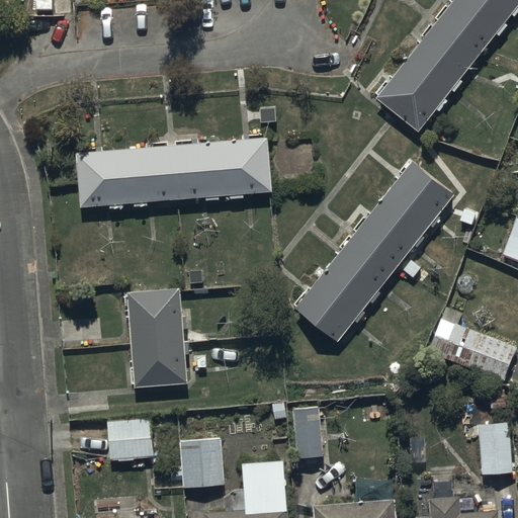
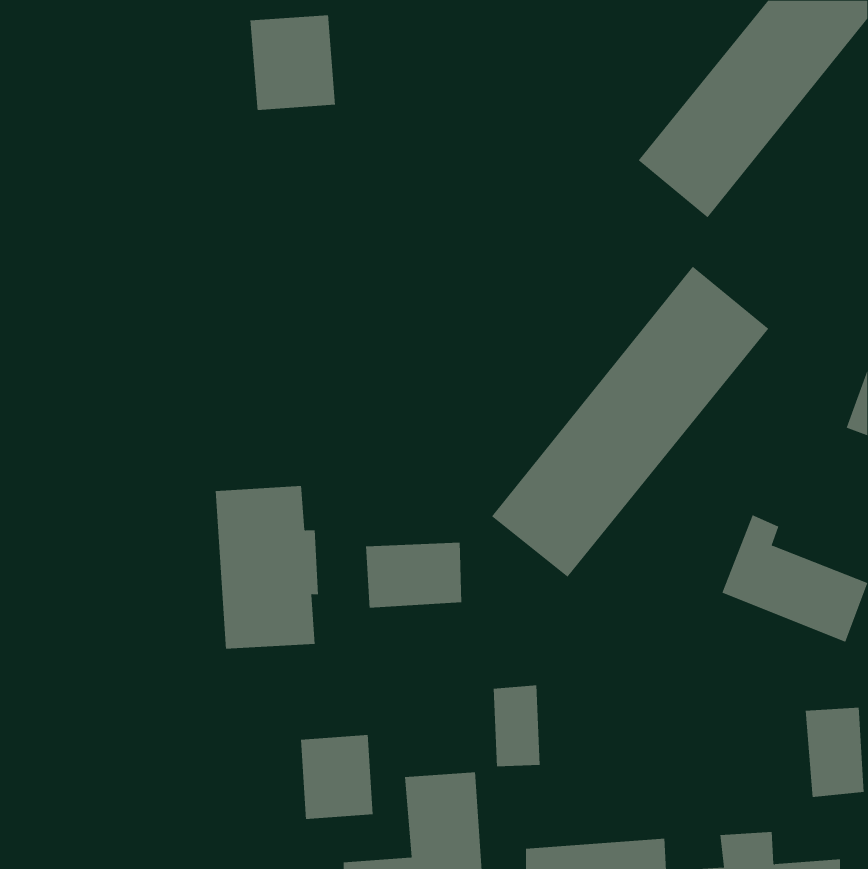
building: none -> [250,15,336,111]
building: [76,137,270,209] -> none
building: none -> [366,542,462,608]
building: [105,418,151,471] -> none

